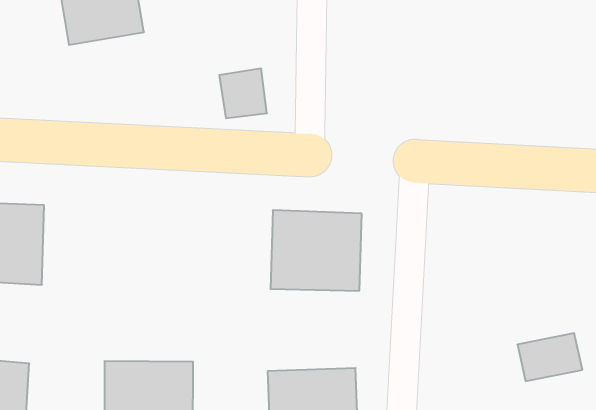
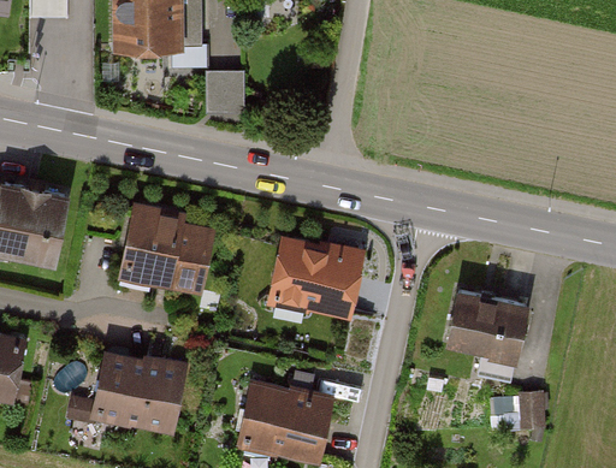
building: [219,69,267,118] -> [203,69,243,111]
building: none -> [122,209,214,296]
building: none -> [446,288,534,360]

